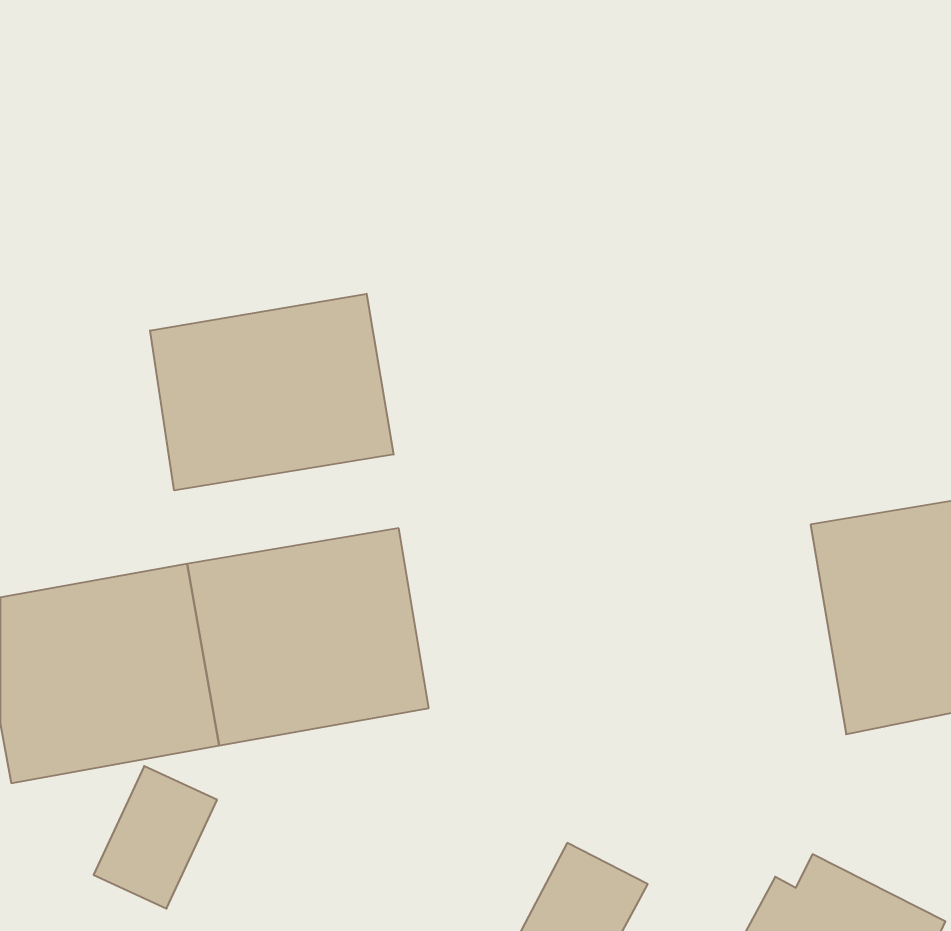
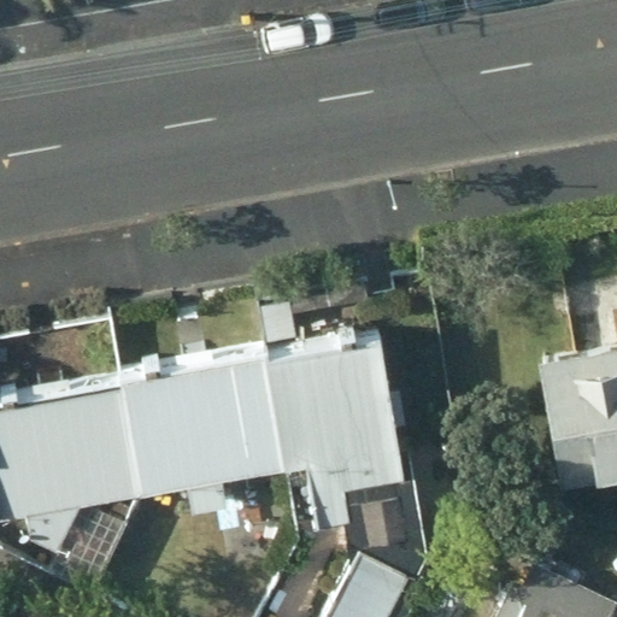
building: [150,294,394,490] -> none
building: none -> [260,336,412,535]

